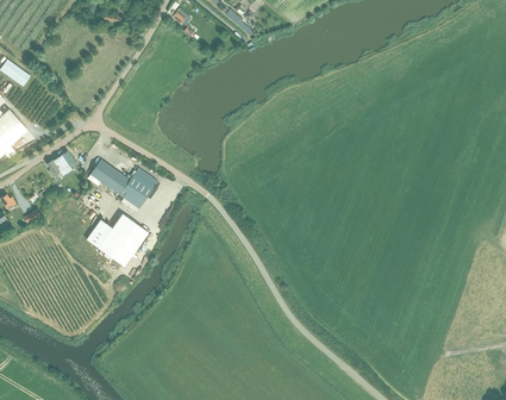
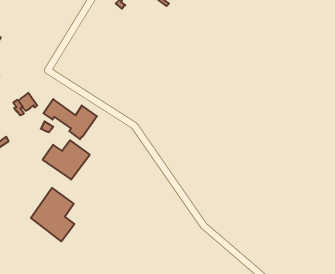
building: none -> [31,188,74,241]

